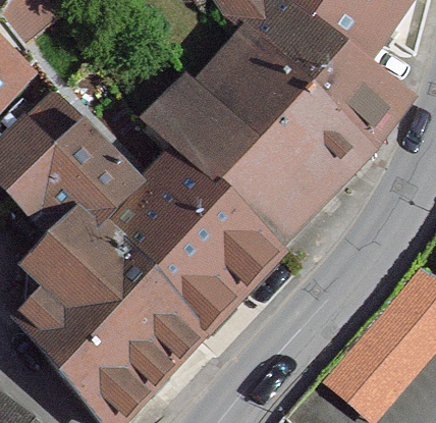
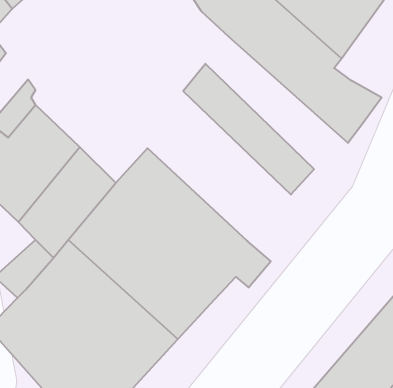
building: [228,43,375,182] -> none
building: [146,82,311,241] -> none

